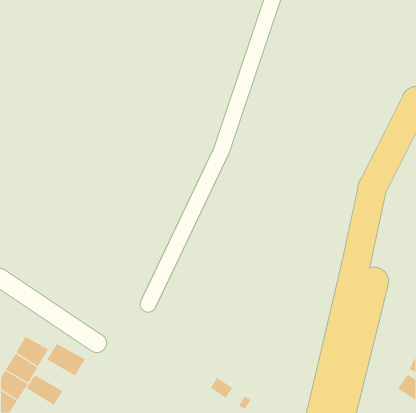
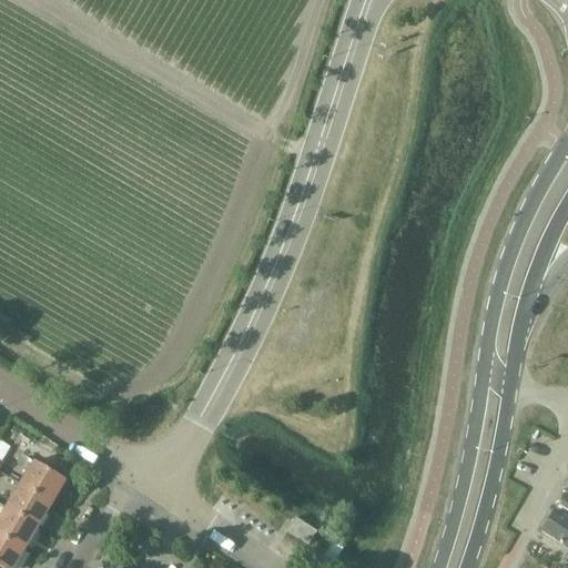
building: [47,343,86,377] -> none
building: [26,374,63,406] -> none

